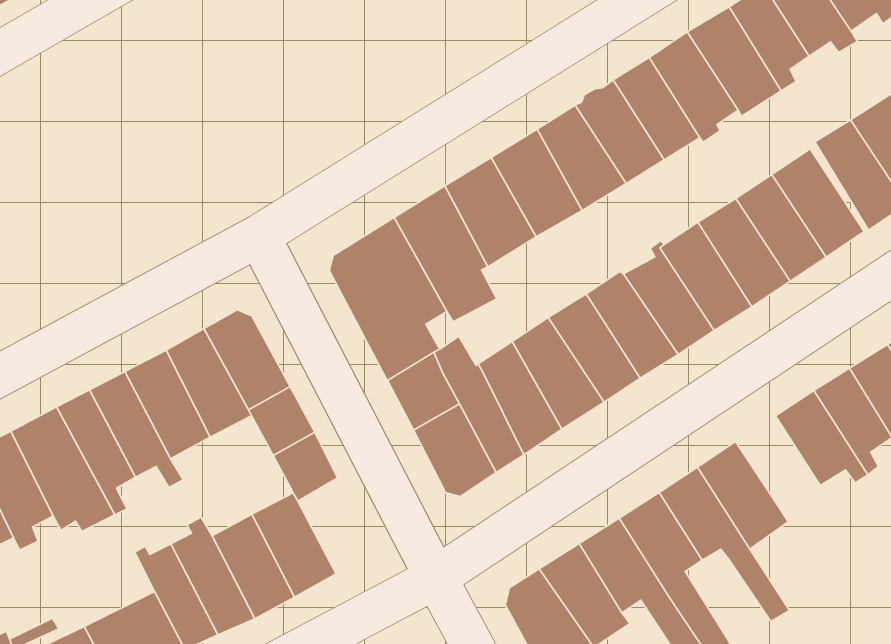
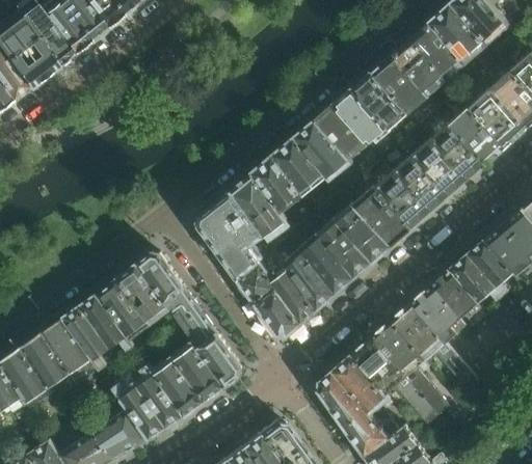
building: none -> [429,270,478,320]
building: none -> [197,335,240,387]

